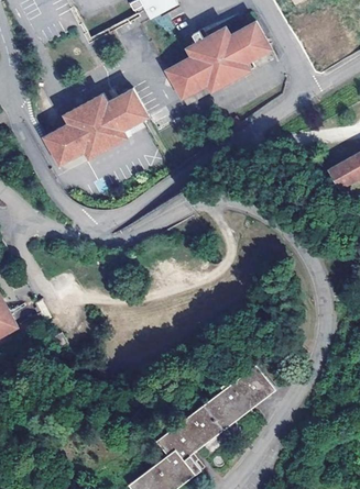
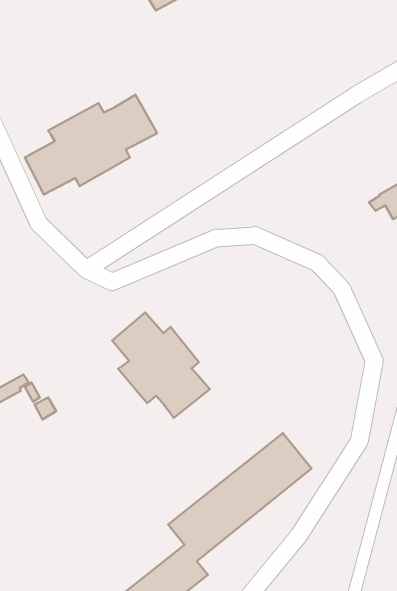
building: [164,21,273,102] -> none
building: none -> [112,312,210,418]

